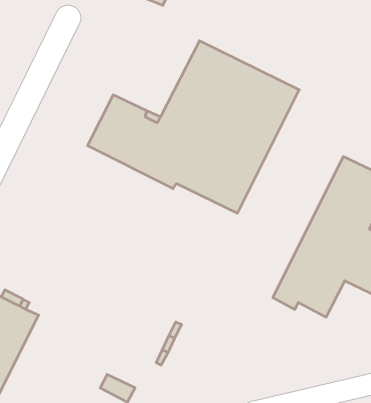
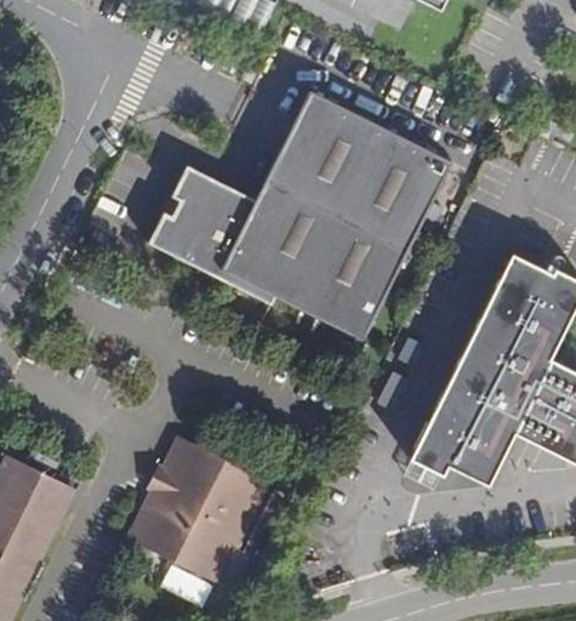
building: none -> [131,439,268,583]

